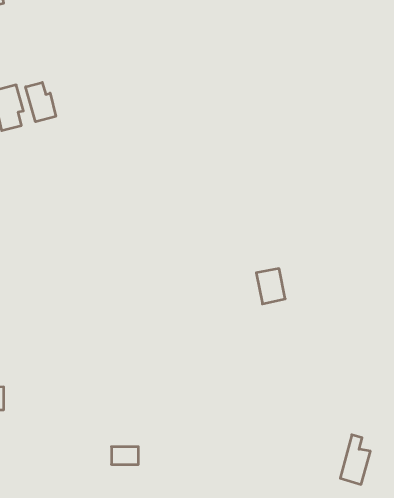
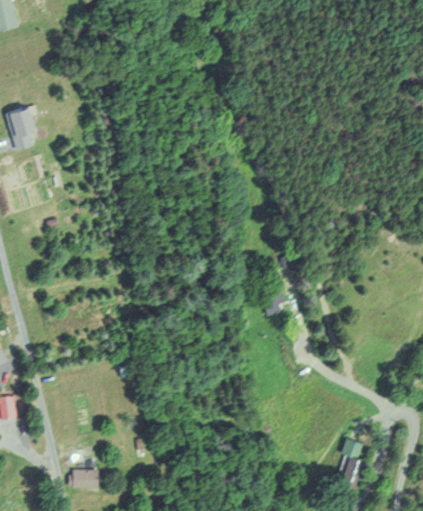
building: [26,82,56,122] -> none
building: [111,447,138,464] -> [71,471,97,488]

